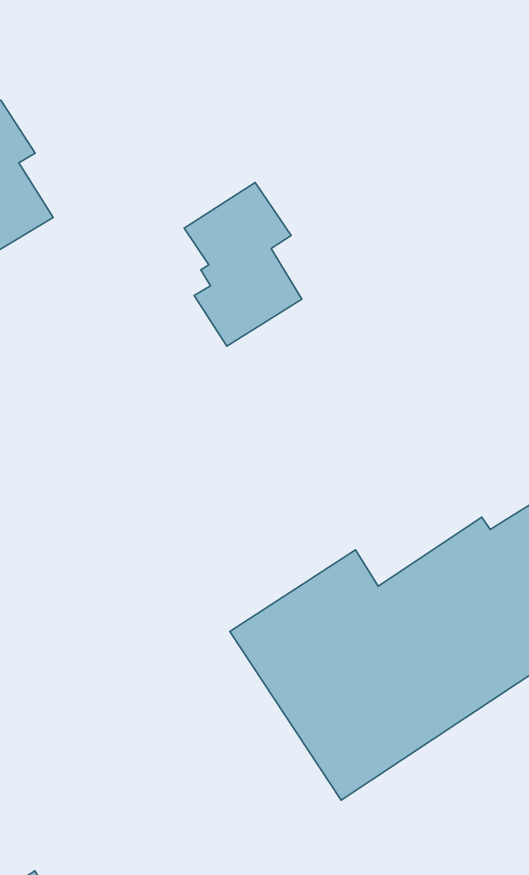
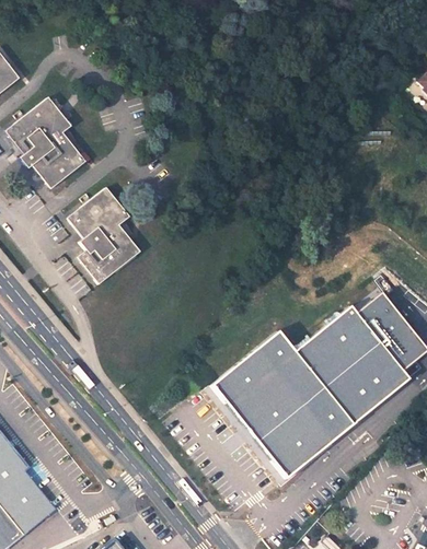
building: [184,183,302,346] -> [67,186,139,282]

